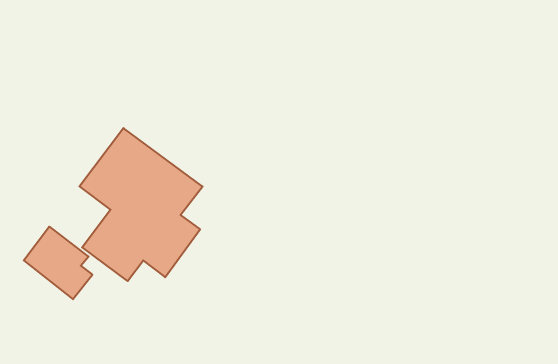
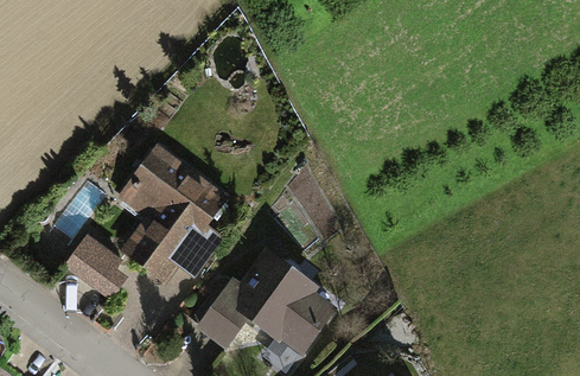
building: none -> [196,248,333,353]

